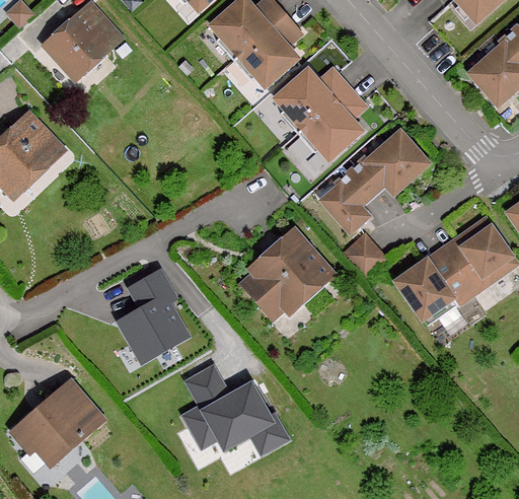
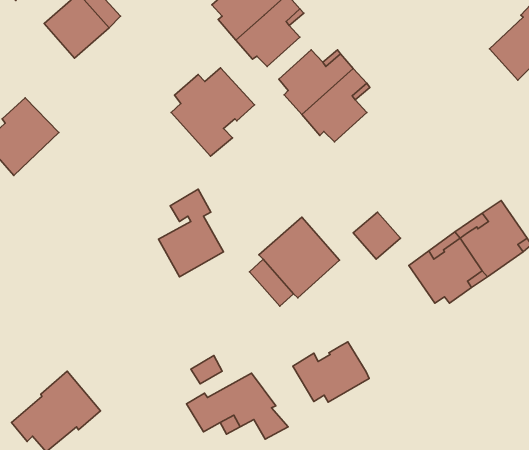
building: none -> [171,68,255,156]
building: [321,133,427,233] -> none
building: [123,272,186,357] -> [158,189,223,277]
building: none -> [293,342,369,402]

